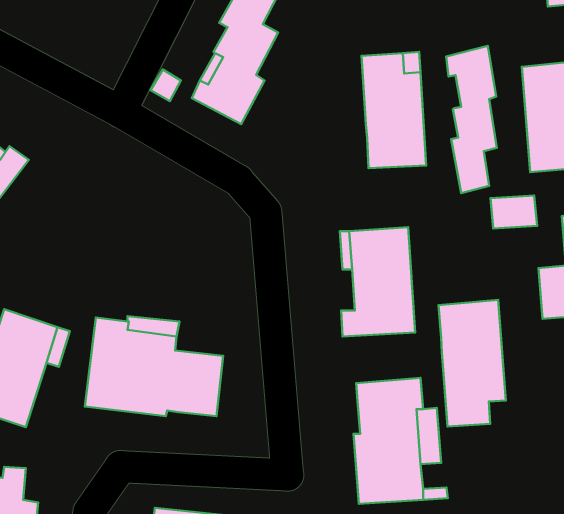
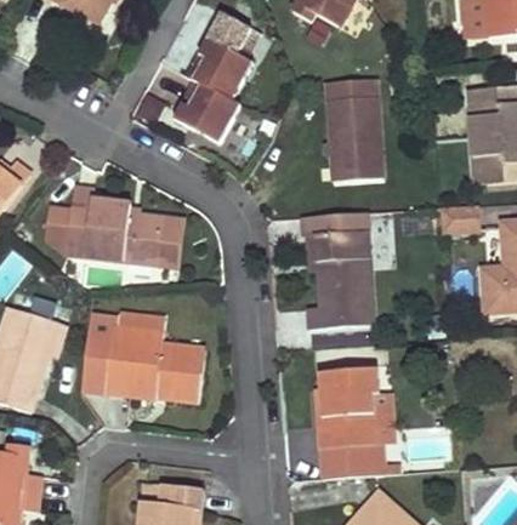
building: [446,46,497,193] -> none
building: none -> [45,186,184,266]
building: [438,300,506,427] -> none

